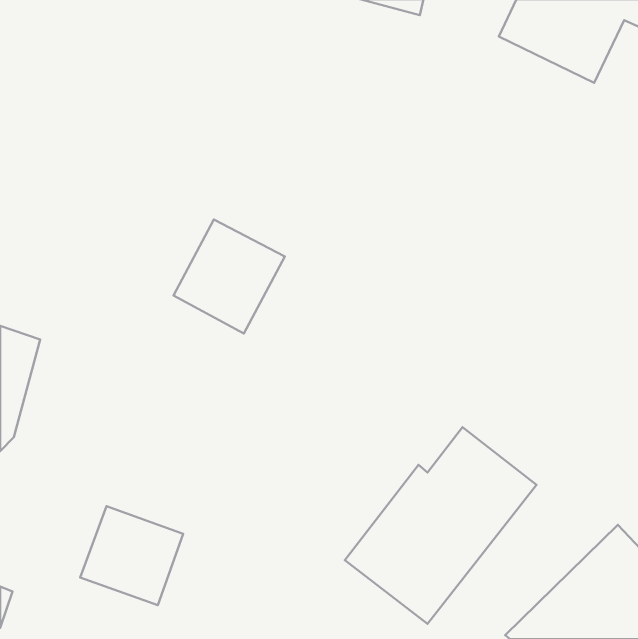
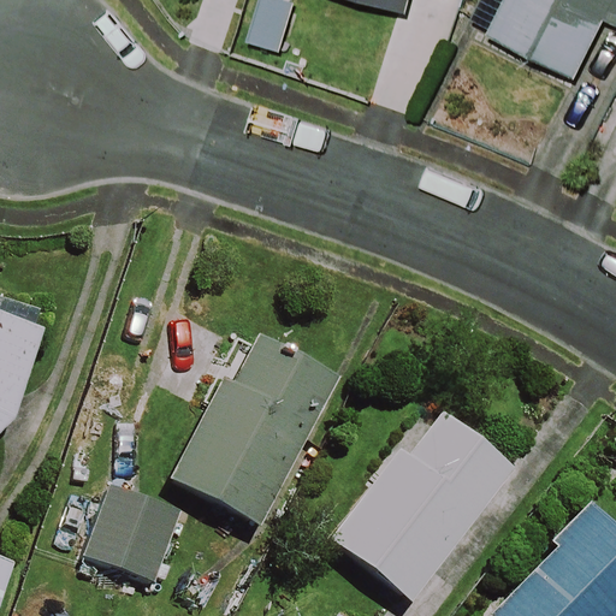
building: [174,219,285,333] -> none
building: none -> [171,333,337,523]

